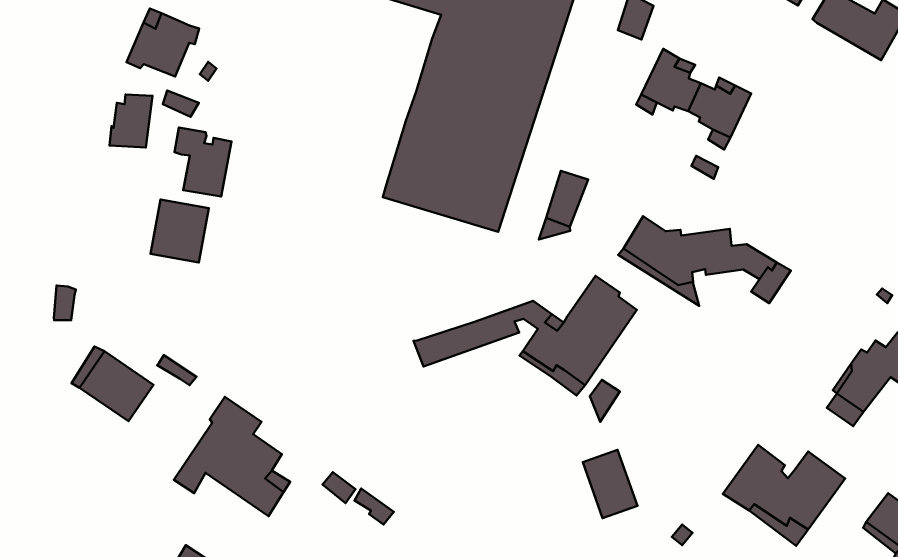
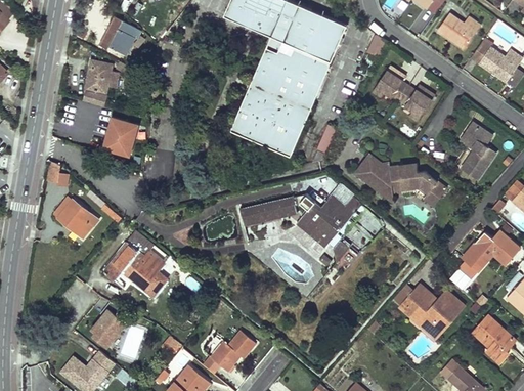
building: [174,127,232,197] -> none
building: none -> [462,123,494,179]
building: [583,450,637,518] -> none

